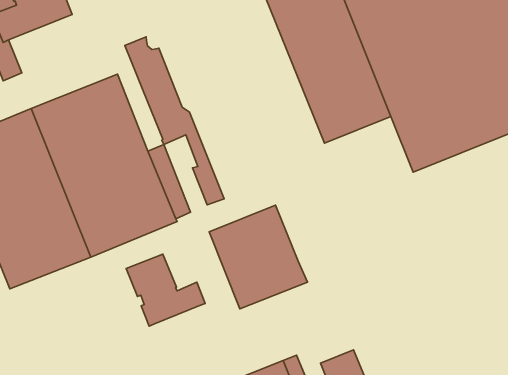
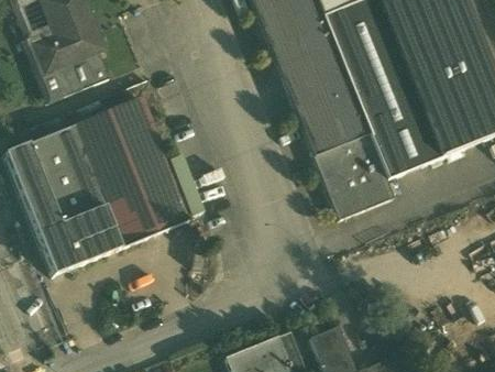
building: none -> [52,48,110,95]
building: [125,37,224,205] -> none
building: [209,205,307,309] -> [314,131,395,217]
building: [126,254,205,326] -> none

